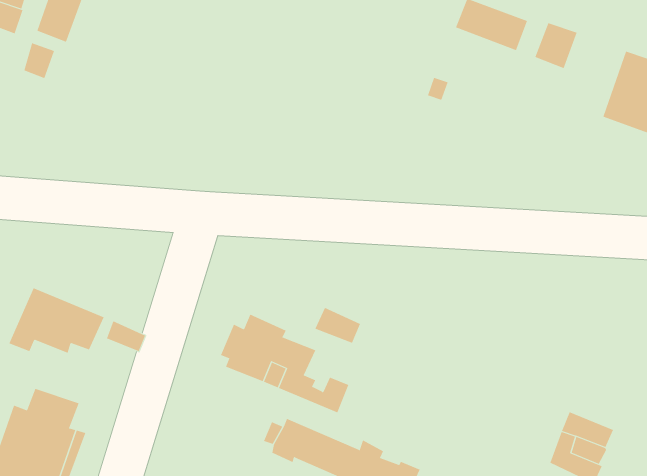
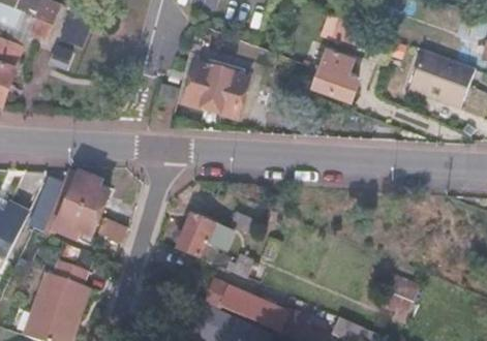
building: none -> [313,52,357,102]
building: none -> [182,63,247,119]
building: none -> [57,166,111,215]

